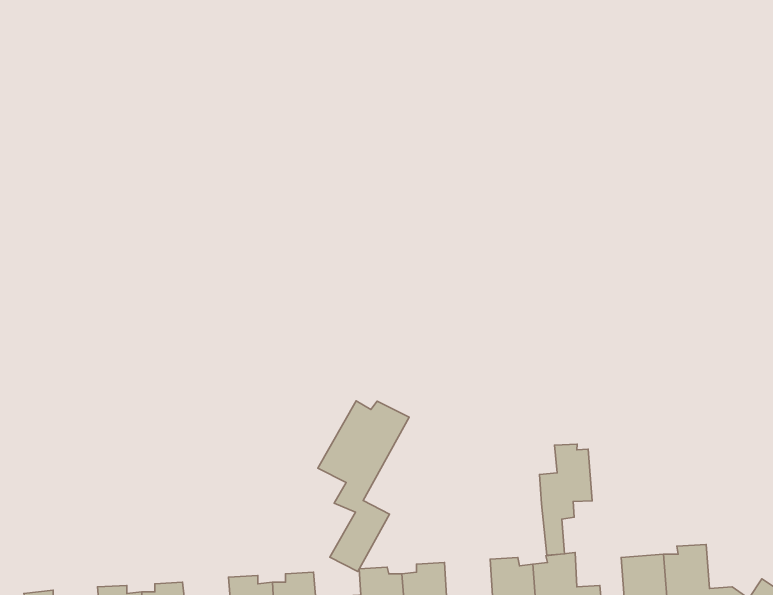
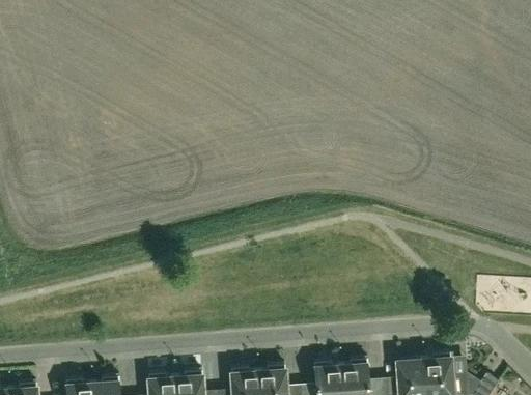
building: [318,401,409,571] -> none
building: [540,444,592,555] -> none

